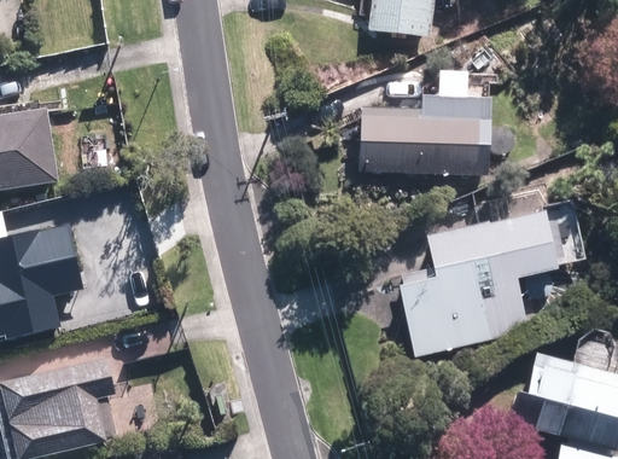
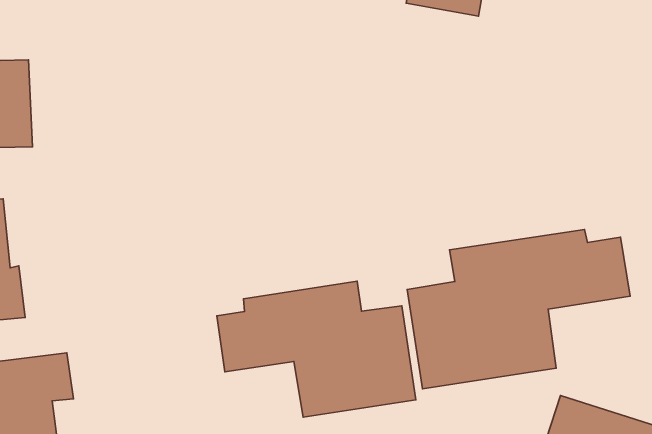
building: [356,83,488,175] -> none
building: none -> [217,281,416,417]

